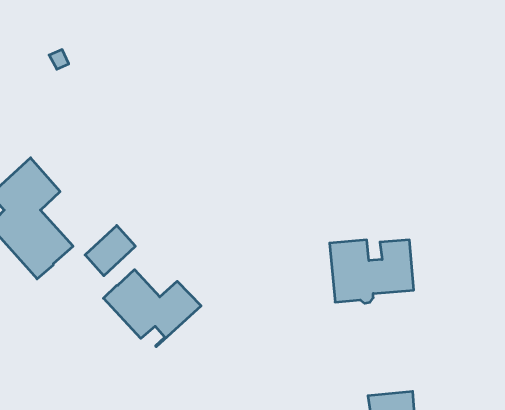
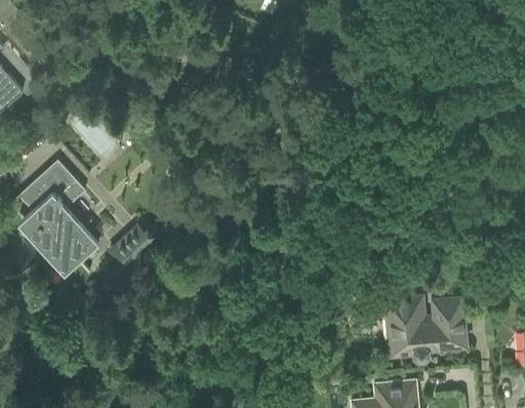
building: [330,240,414,303] -> [386,297,465,357]
building: [103,270,201,347] -> none

